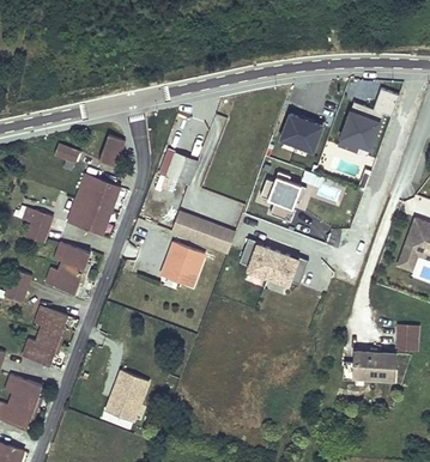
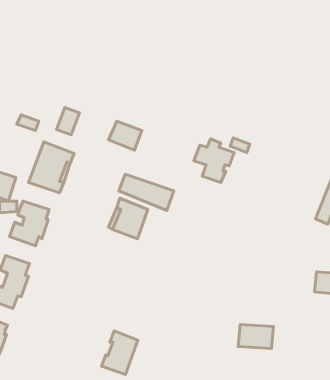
building: [339,86,396,142] -> none
building: [277,115,319,151] -> none
building: [237,239,305,285] -> none
building: [353,351,394,378] -> [238,325,273,348]
building: [105,370,147,420] -> [102,331,138,374]

